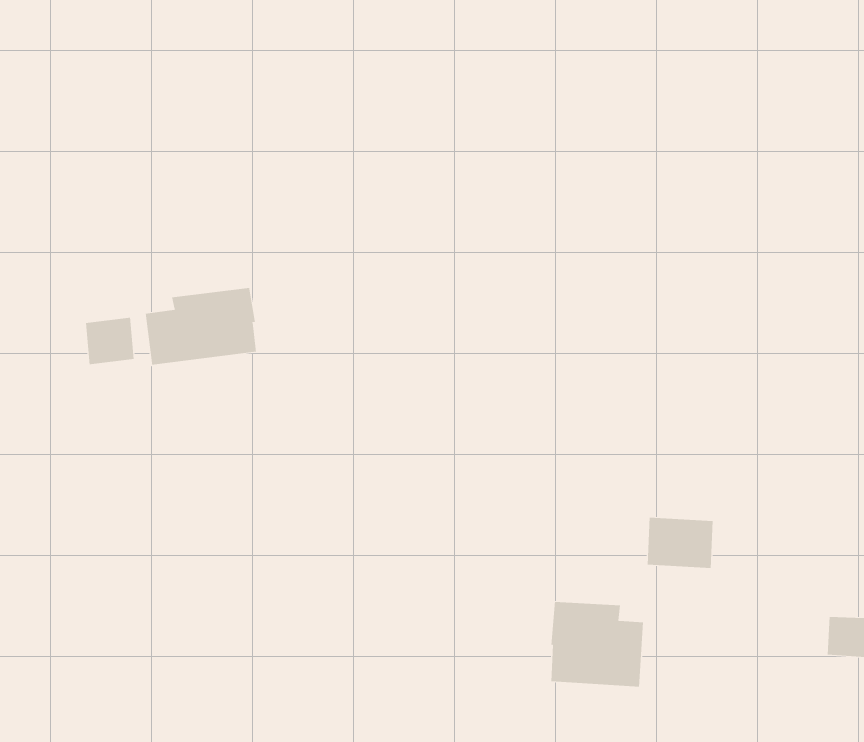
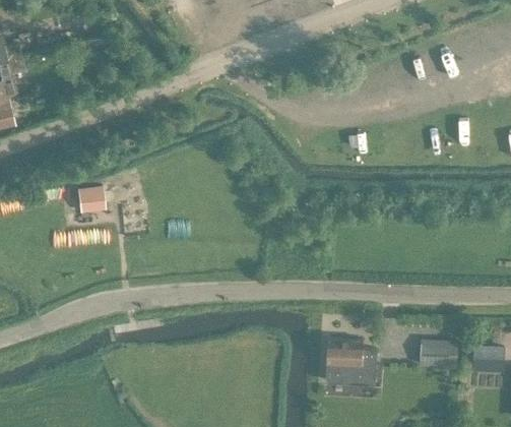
building: [145,287,257,366] -> none
building: [647,517,714,569] -> [421,341,456,368]

